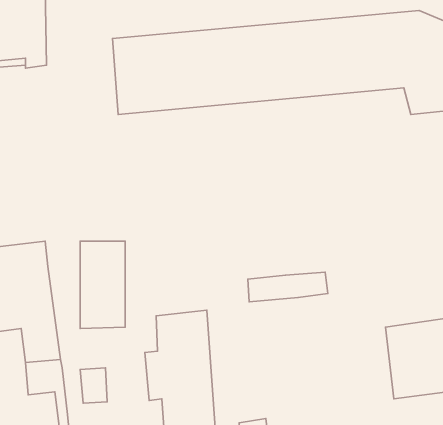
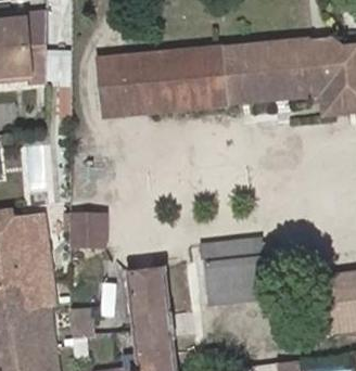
building: none -> [205,258,267,303]

